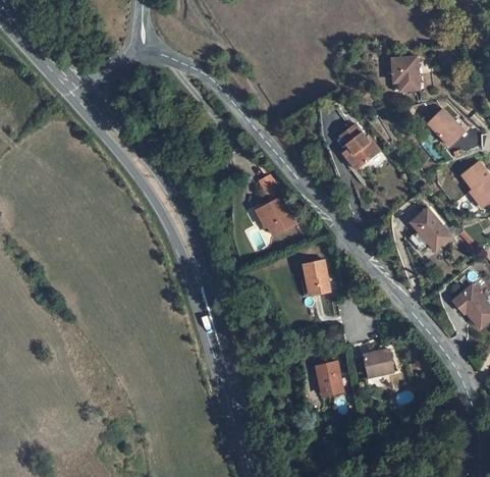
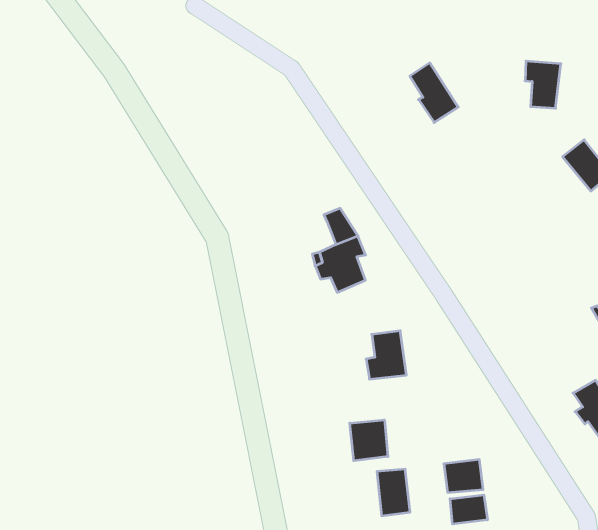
building: [340,120,378,163] -> [410,63,458,123]
building: [410,206,447,249] -> none
building: none -> [350,420,388,461]
building: none -> [450,495,487,524]

